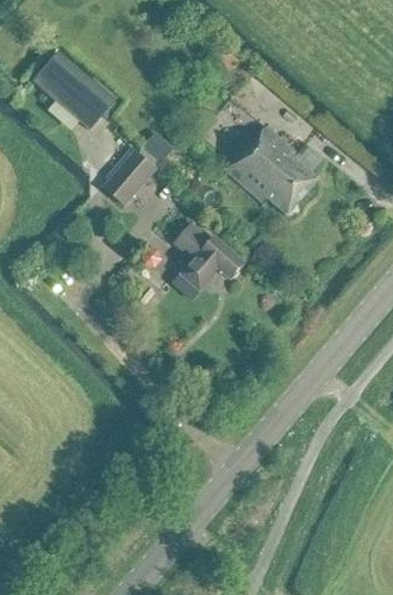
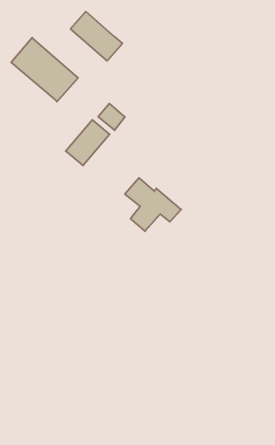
building: none -> [71,12,122,61]
building: [224,125,318,214] -> none

